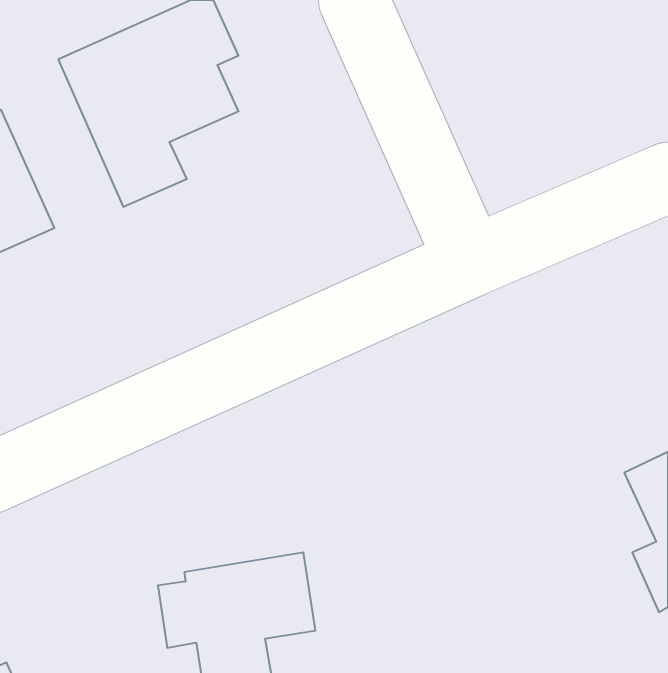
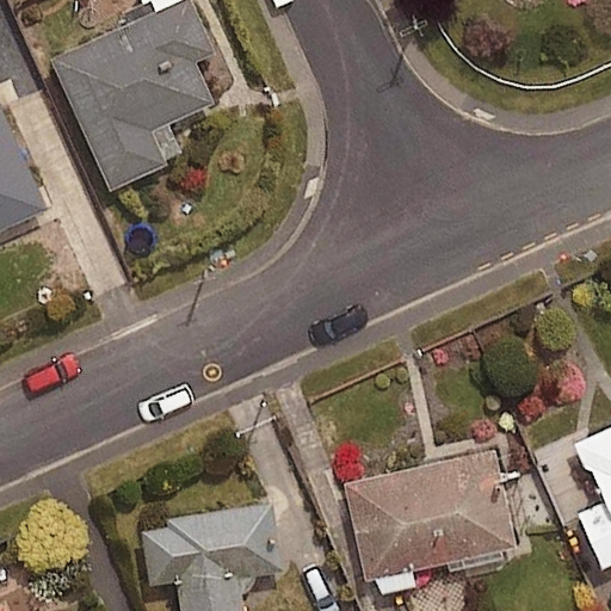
building: none -> [344,450,516,581]

